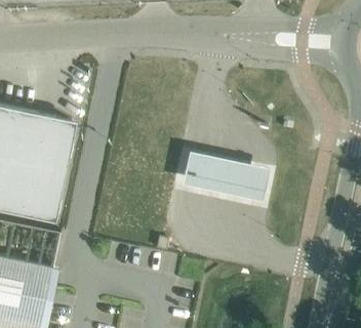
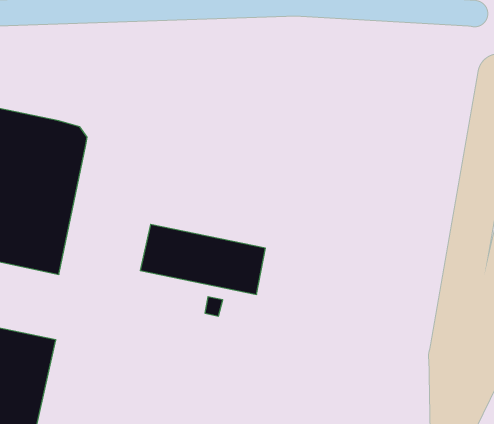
building: [184,153,270,201] -> [140,224,265,294]

